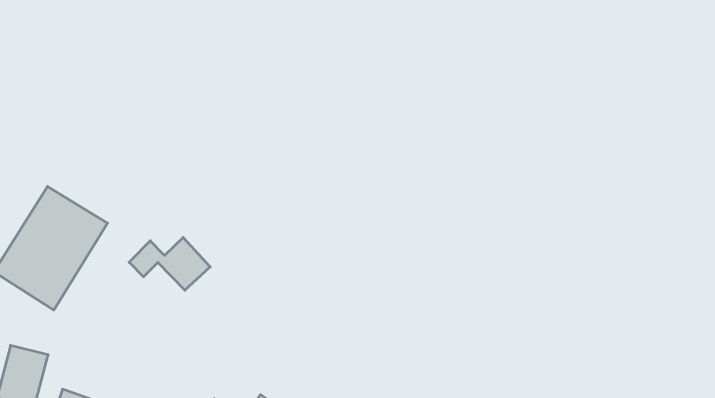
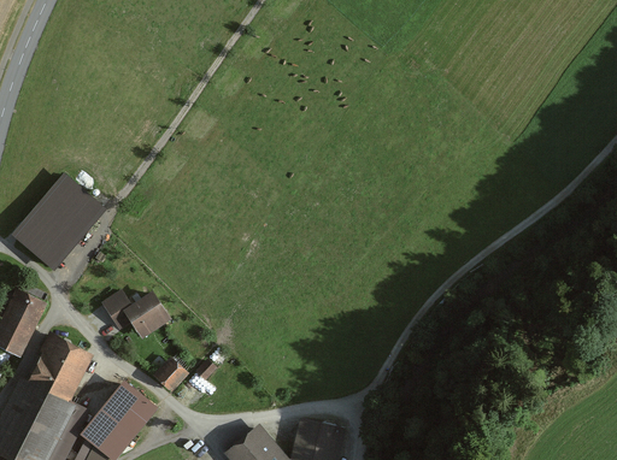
building: [129,237,210,290] -> [104,293,168,336]

